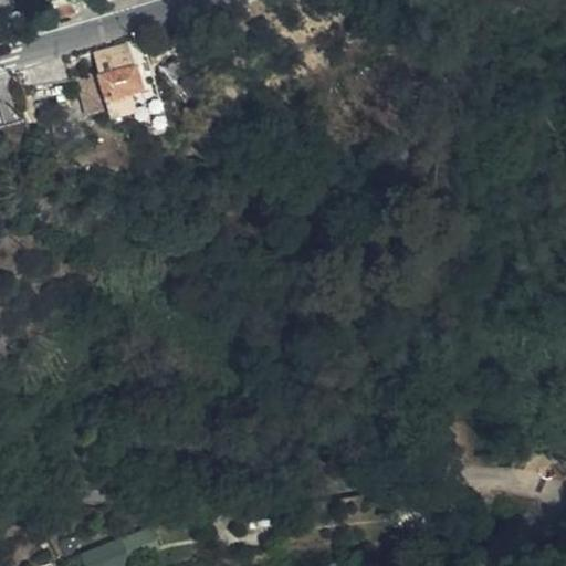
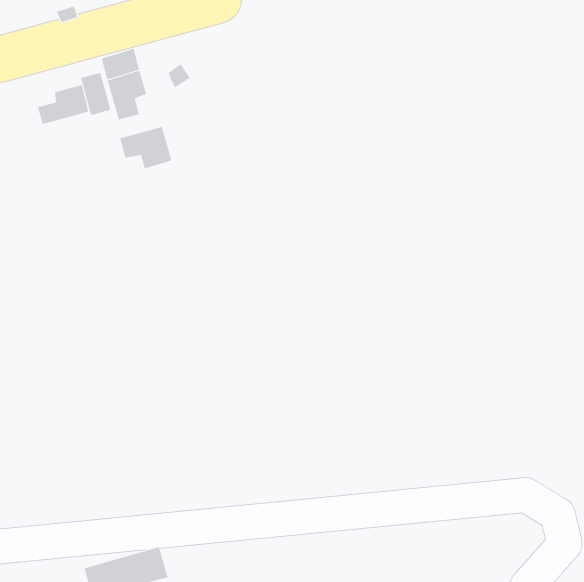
building: none -> [37,84,89,125]
building: none -> [119,126,172,169]

